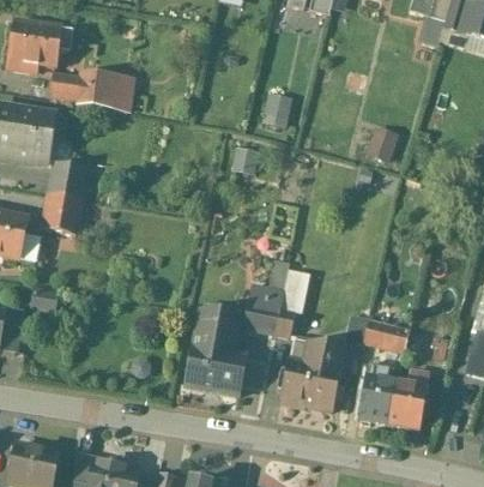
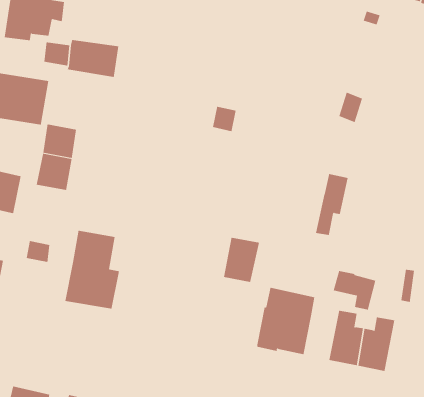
building: [261,90,291,125] -> none
building: [273,270,309,337] -> [315,173,348,236]
building: [184,312,244,397] -> [64,230,120,309]

